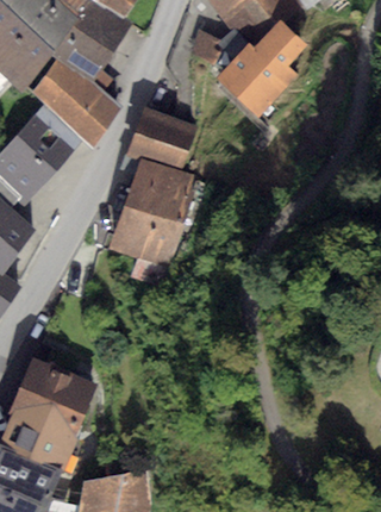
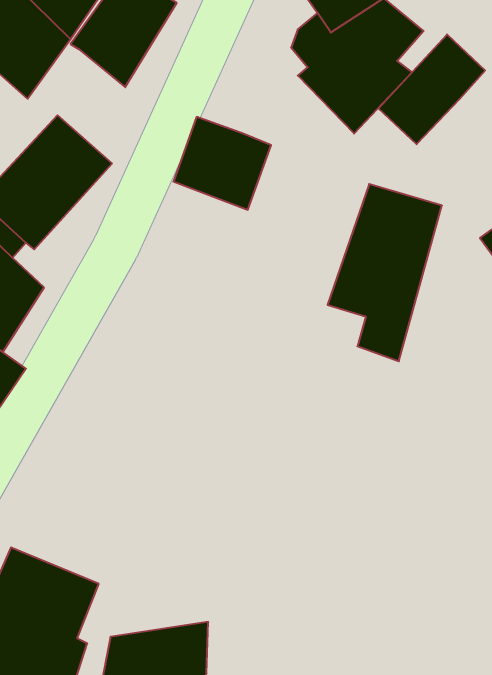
building: none -> [379,34,485,144]
building: [35,57,121,149] -> none
building: [110,162,192,289] -> [328,184,442,361]
building: [8,357,99,442] -> none

